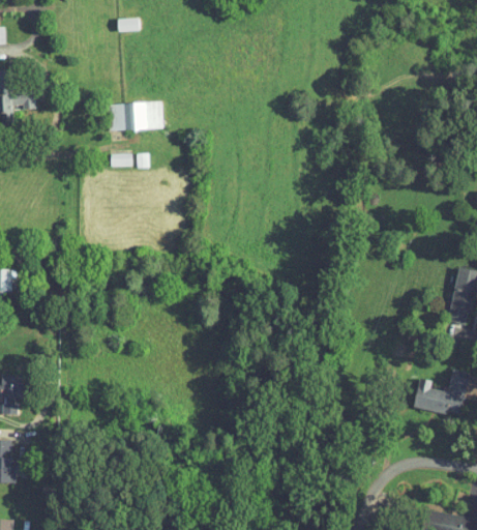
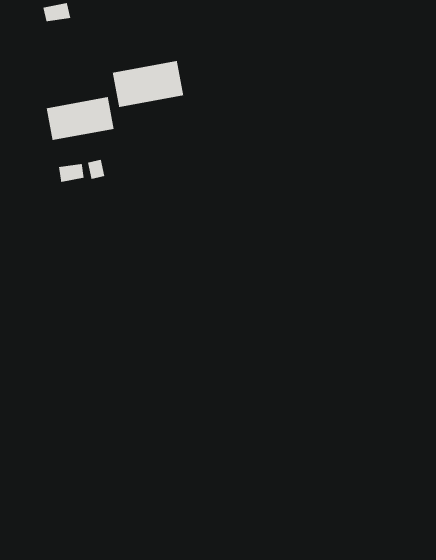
building: none -> [112,60,184,108]

